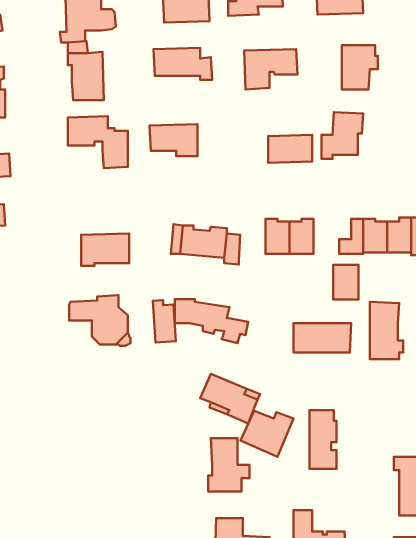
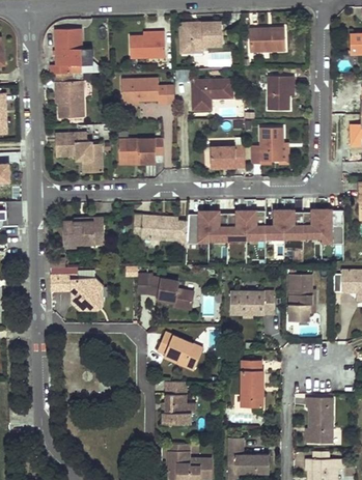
building: none -> [187,211,207,244]
building: [333,265,359,300] -> [245,211,264,238]
building: [153,300,176,342] -> none
building: [240,411,293,457] -> none

